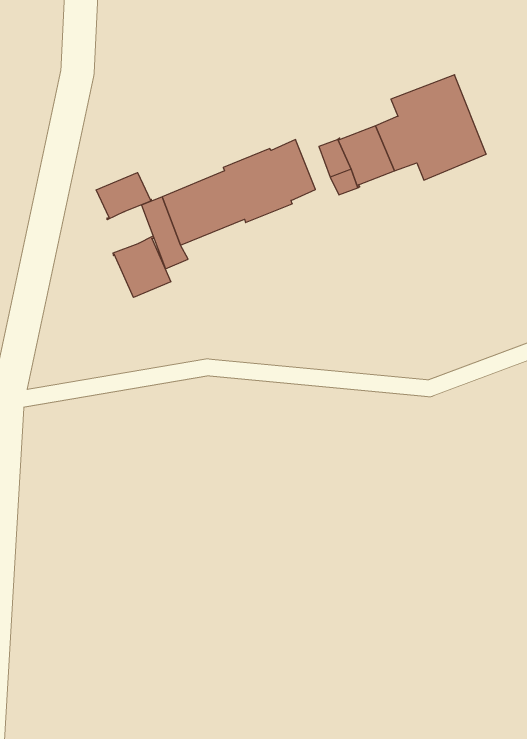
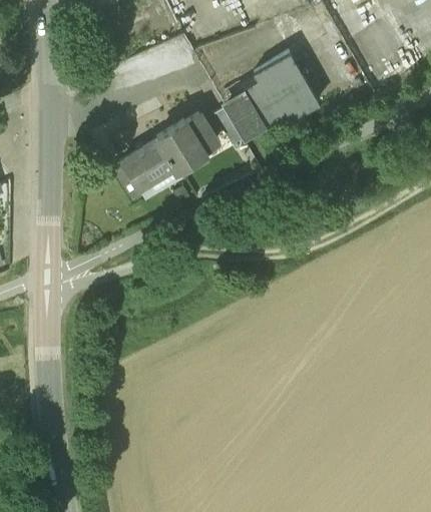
building: [96,173,152,220] -> none
building: [113,236,171,297] -> none

